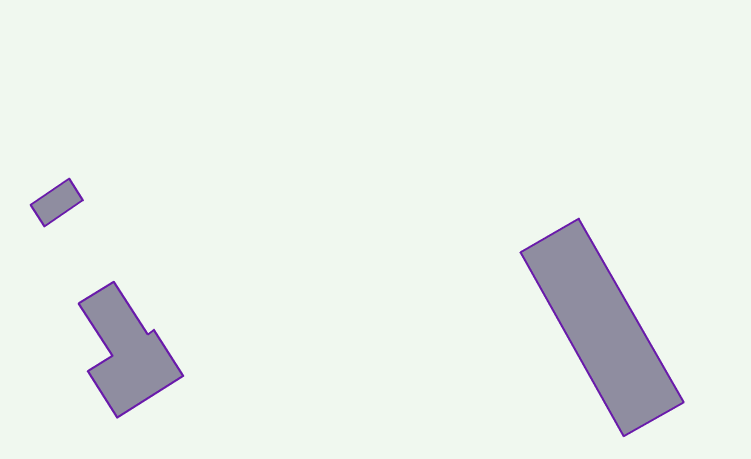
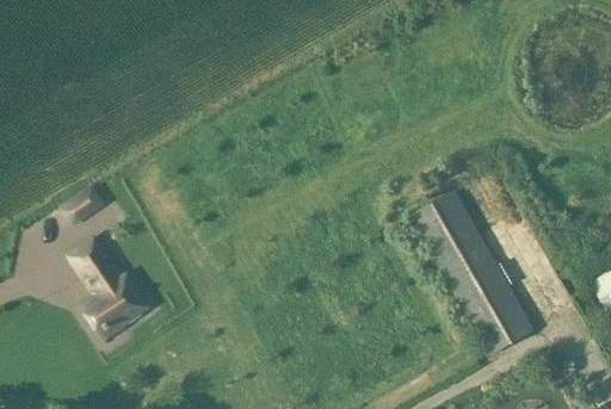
building: [31,179,83,226] -> [61,186,101,223]

